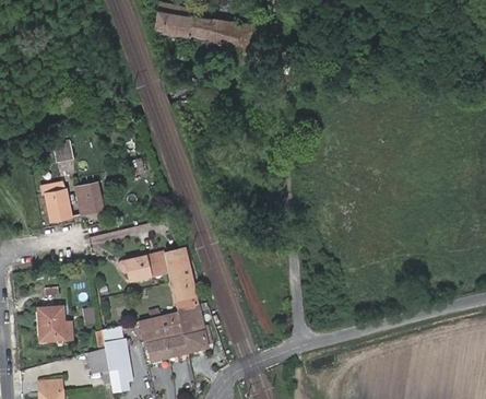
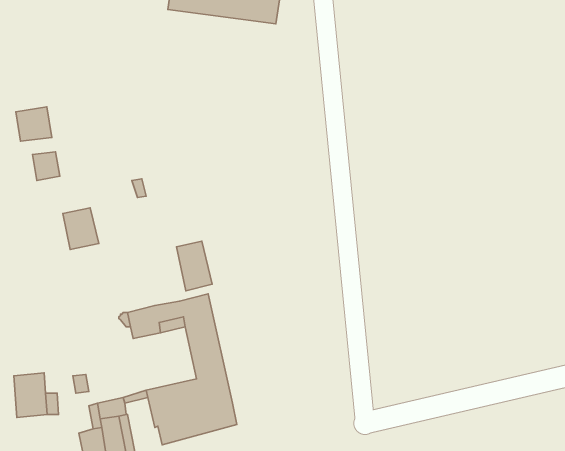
building: none -> [16,107,52,141]
building: [45,188,71,220] -> none
building: none -> [176,241,212,291]

